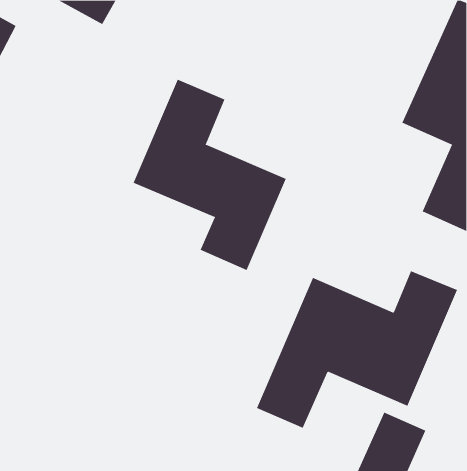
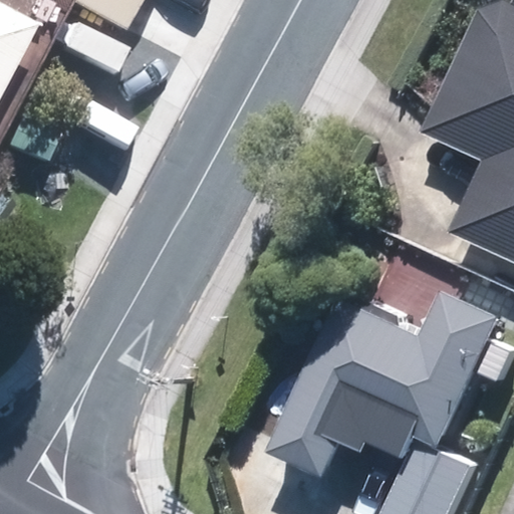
building: [133,79,287,271] -> none

